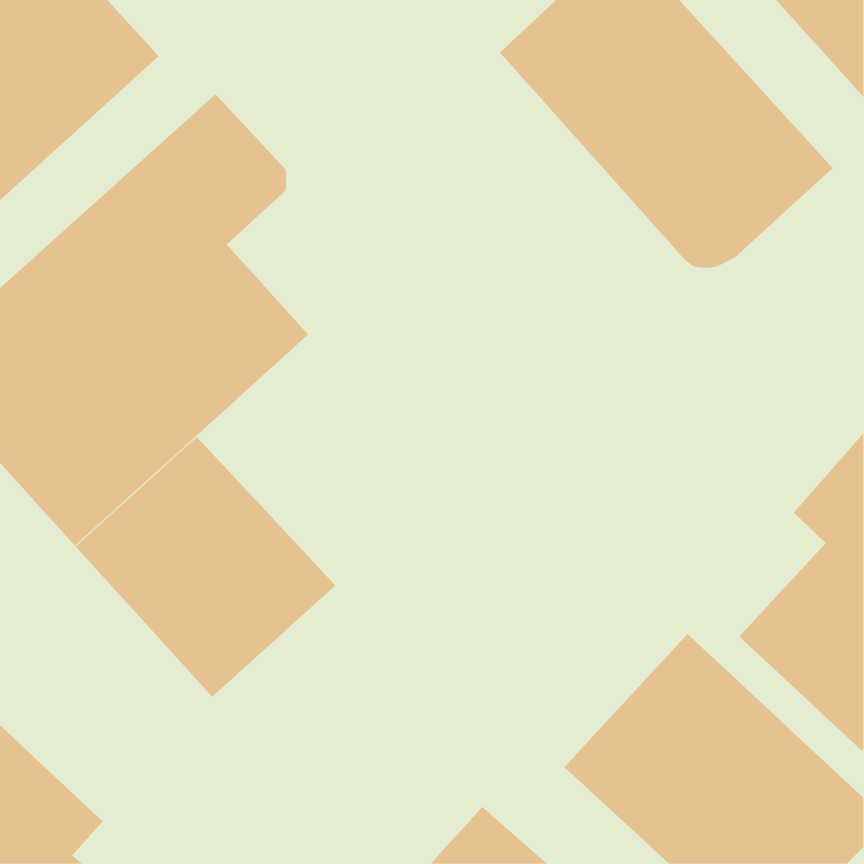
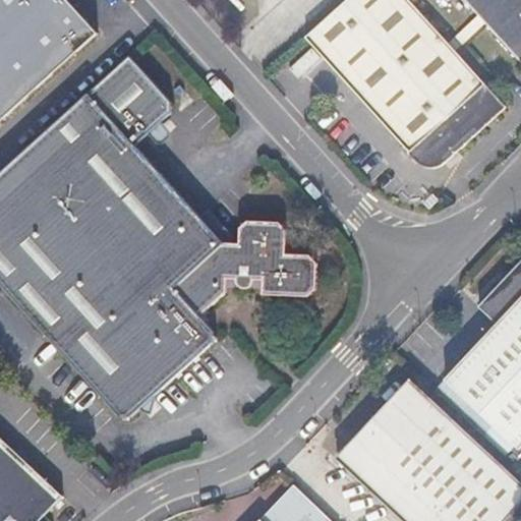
building: none -> [118,200,315,351]

